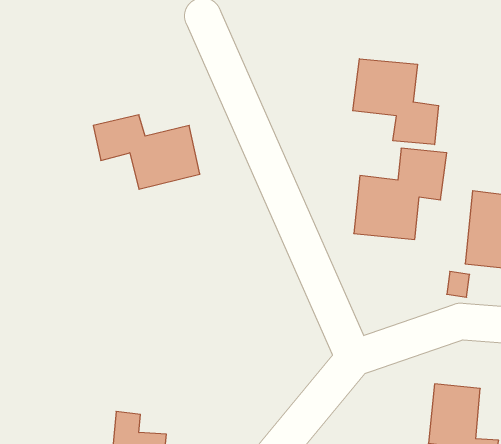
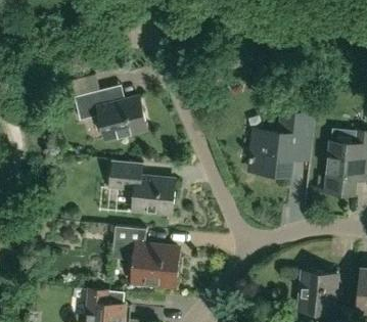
building: [353,59,439,145] -> none
building: none -> [108,160,175,213]
building: none -> [112,226,177,284]

